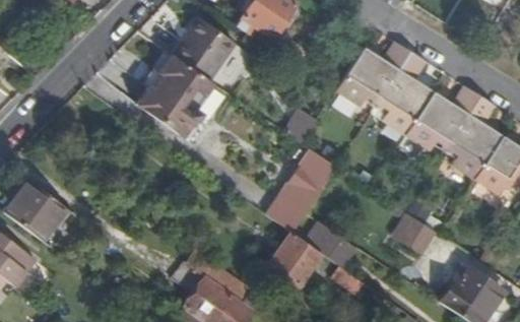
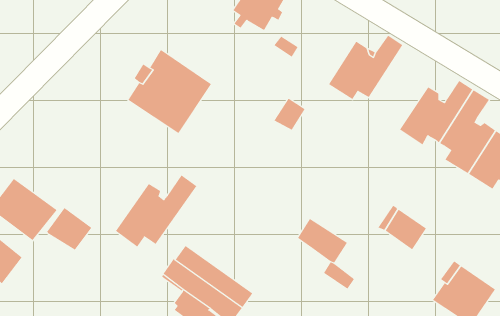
building: [172,21,238,84] -> none
building: [378,53,436,136] -> none
building: [267,144,335,227] -> none
building: none -> [115,175,197,248]
building: none -> [46,207,92,251]
building: [268,232,321,285] -> none

